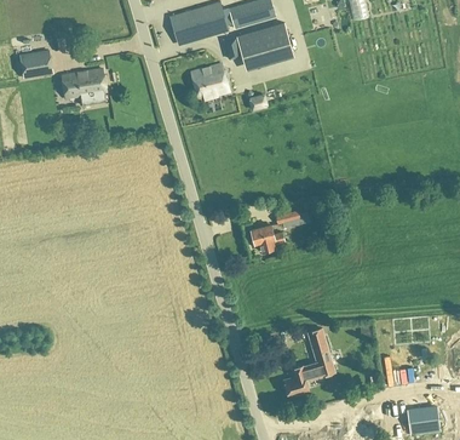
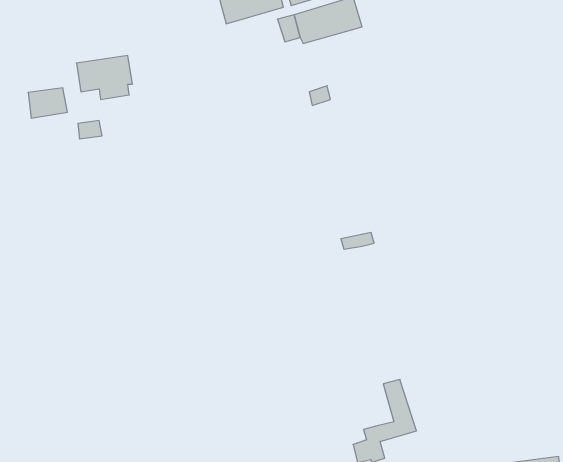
building: [21,52,52,76] -> [28,88,67,118]
building: [189,65,228,102] -> none
building: [249,224,283,252] -> none

